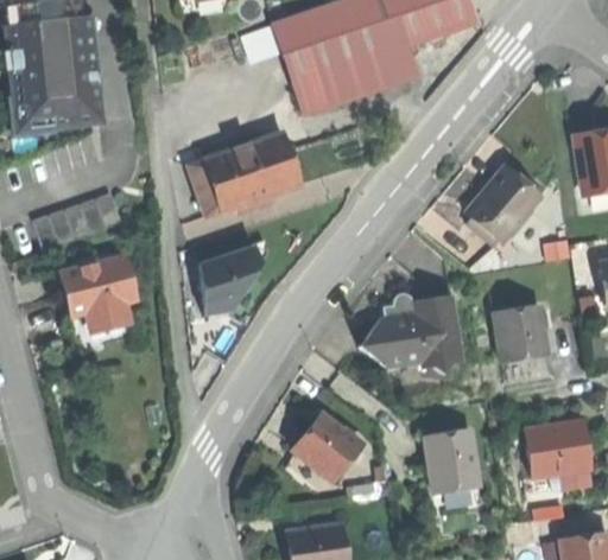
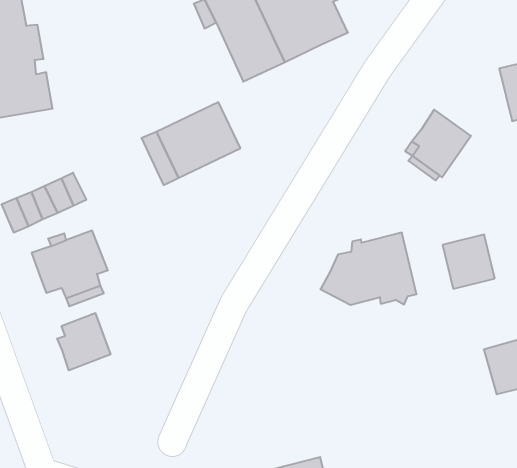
building: [202,241,270,313] -> none
building: none -> [57,313,110,370]
building: [296,413,363,481] -> none
building: [426,426,482,490] -> none

